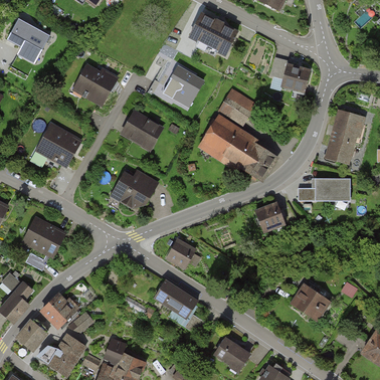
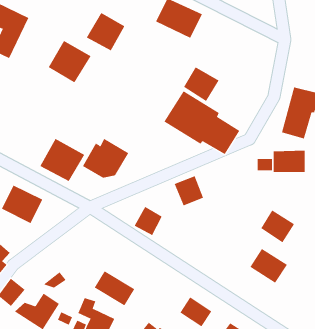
building: [269,55,311,94] -> none
building: [162,65,204,108] -> [86,12,125,51]
building: [121,109,164,150] -> none
building: [34,121,83,168] -> [39,138,85,182]
building: [253,201,286,234] -> [174,175,204,206]
building: none -> [260,210,295,243]
building: [150,277,194,316] -> [94,271,135,306]
building: [42,293,75,324] -> none

